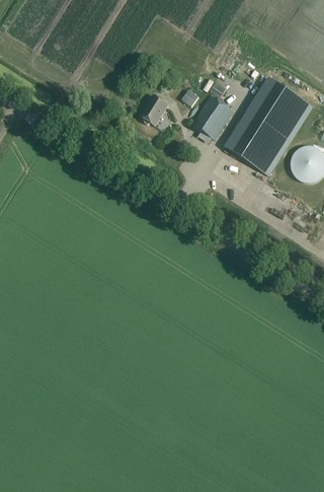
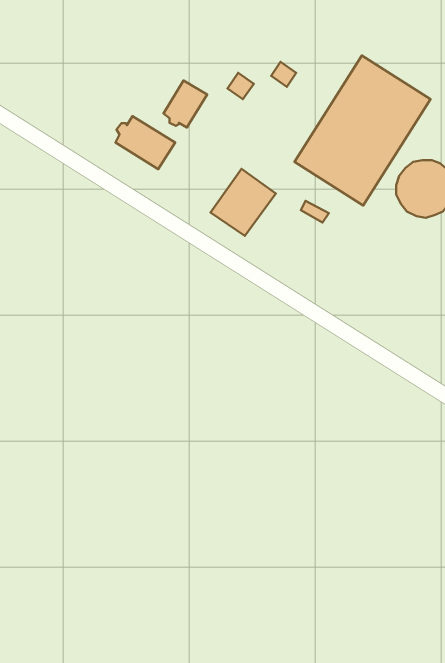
building: [190,94,233,138] -> [210,169,276,236]
building: none -> [116,116,175,169]

